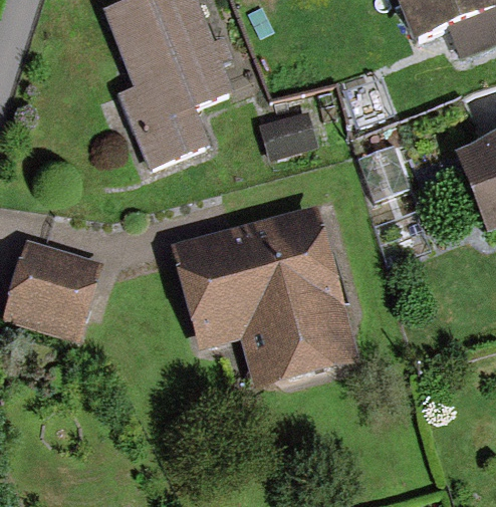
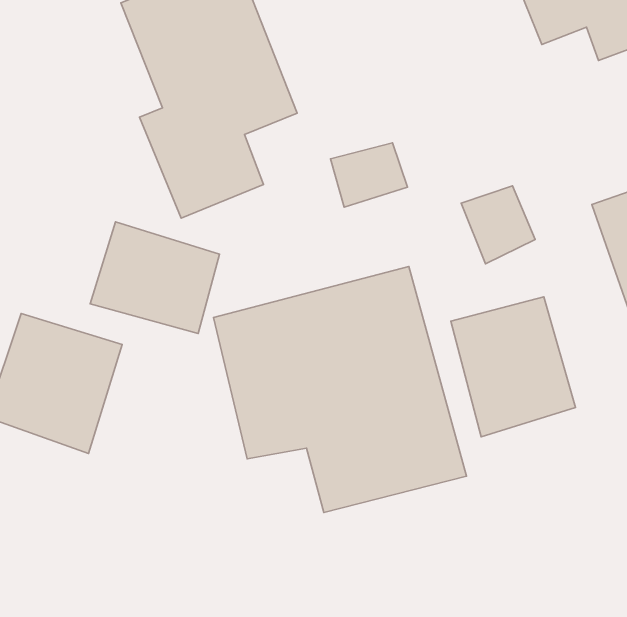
building: none -> [90,222,220,334]
building: none -> [451,297,575,437]

